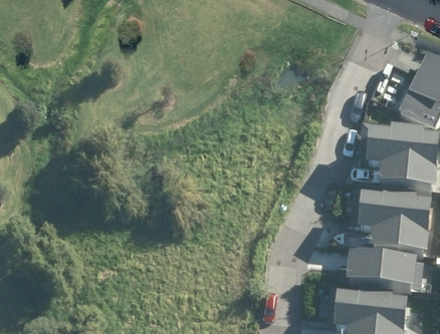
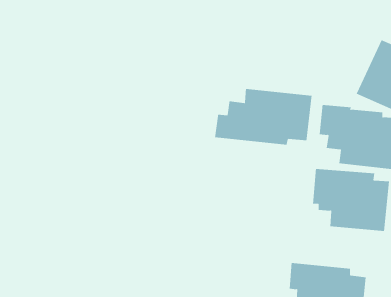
building: none -> [214,88,312,146]
building: [349,255,422,287] -> none

